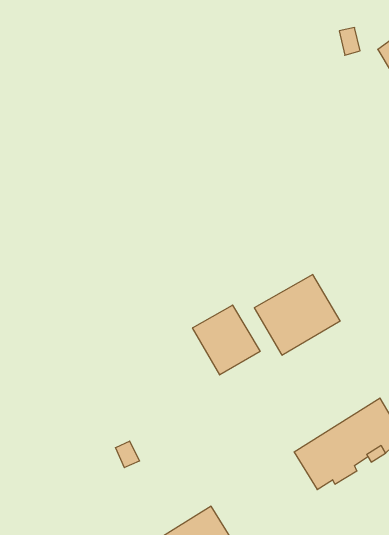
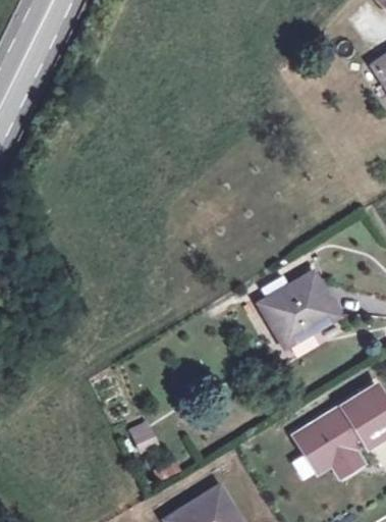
building: [193,305,260,375] -> none

